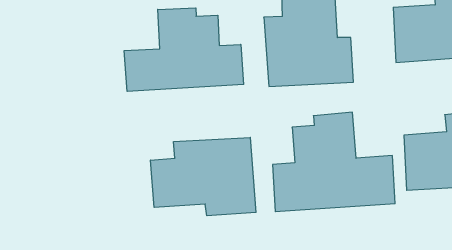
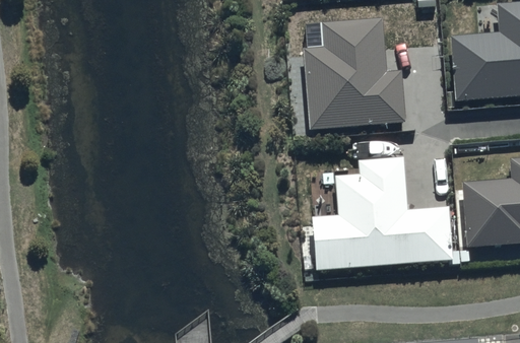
building: [124,8,244,91] -> none
building: [151,137,256,216] -> none

